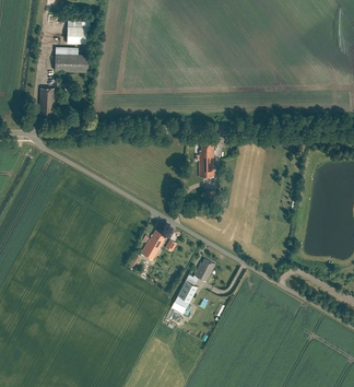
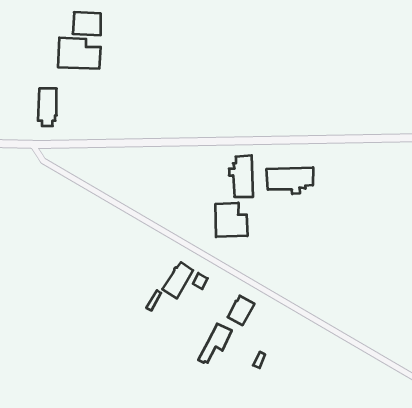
building: none -> [267,167,313,194]
building: none -> [216,203,247,237]

